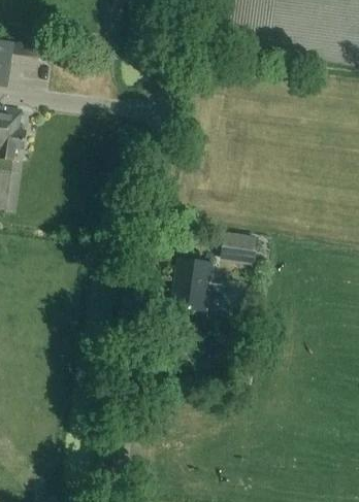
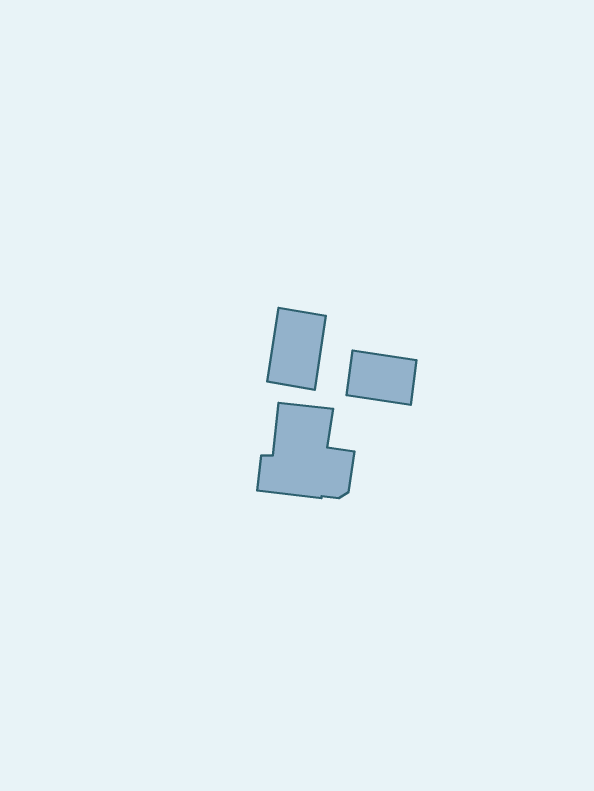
building: none -> [267,308,326,390]

